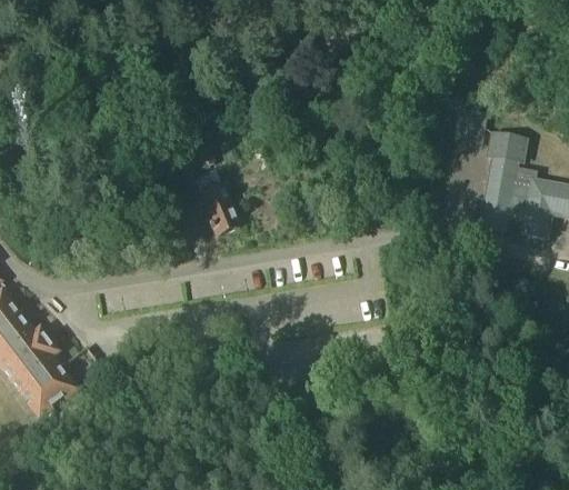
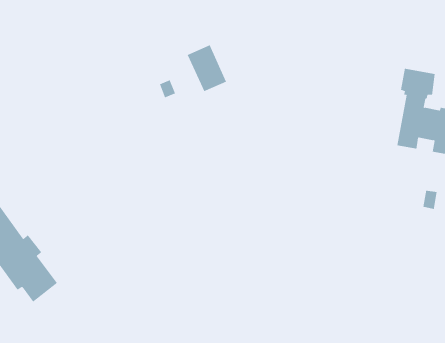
building: [197,179,244,236] -> [187,45,227,92]

